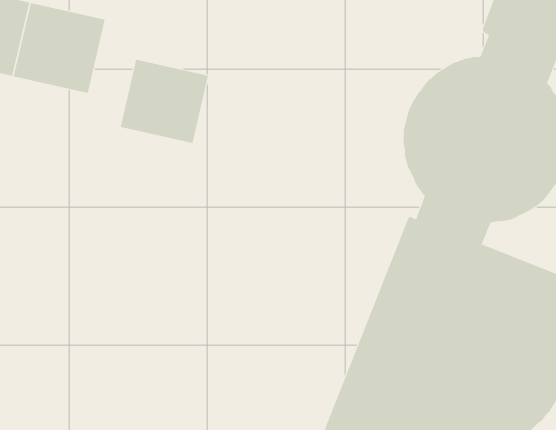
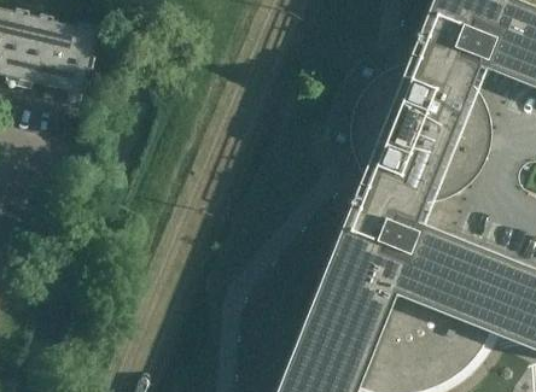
building: [120,59,208,144] -> none

